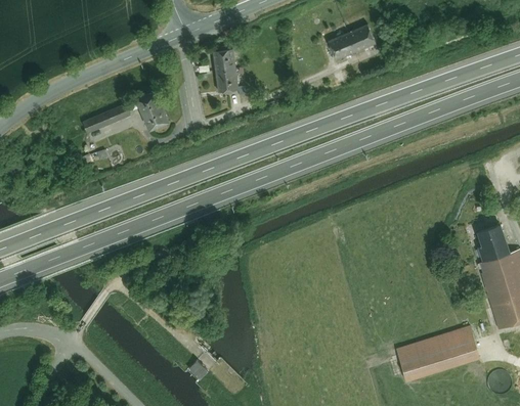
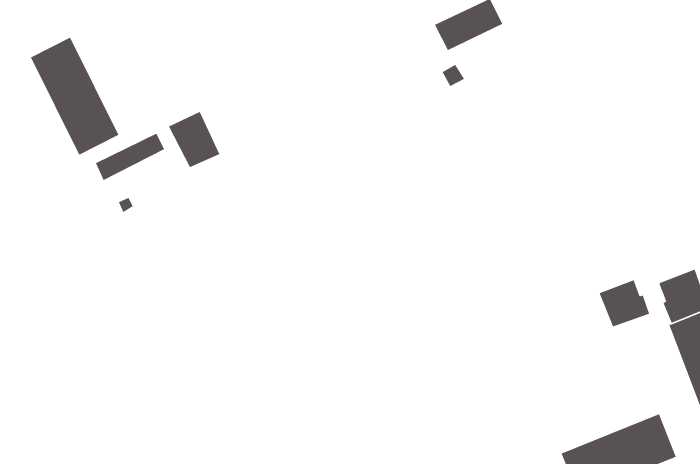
building: none -> [30,36,120,156]
building: [213,48,241,95] -> none
building: none -> [598,279,650,327]

